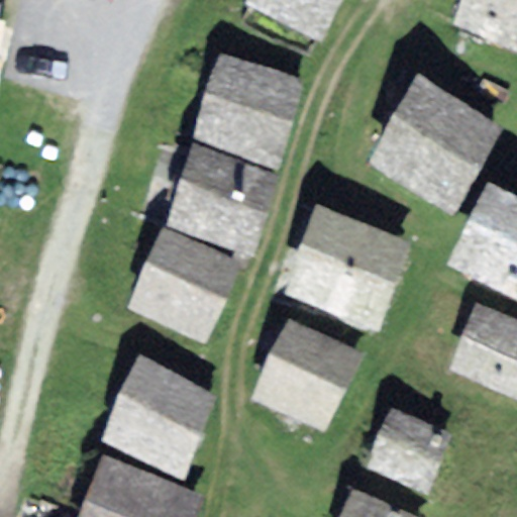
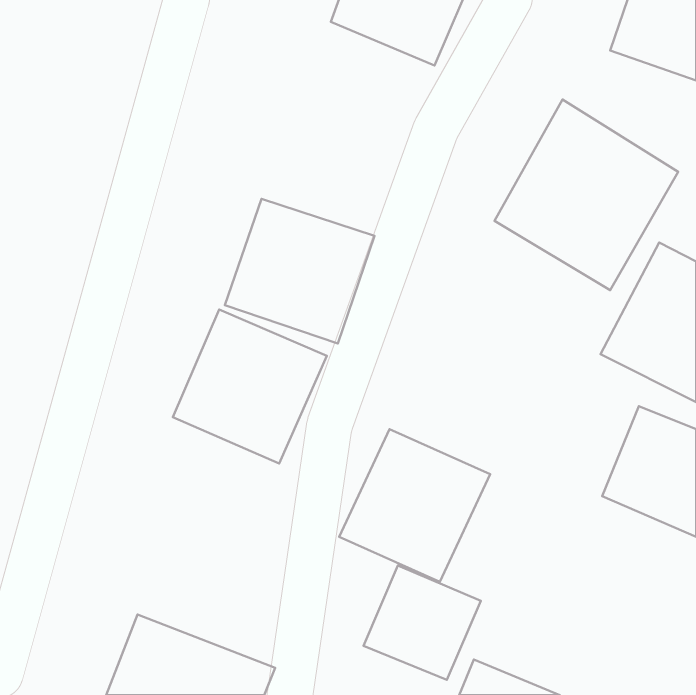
building: [192,54,305,169] -> none
building: [279,202,412,332] -> none
building: [101,356,218,481] -> none
building: [366,408,452,493] -> [364,565,481,680]

